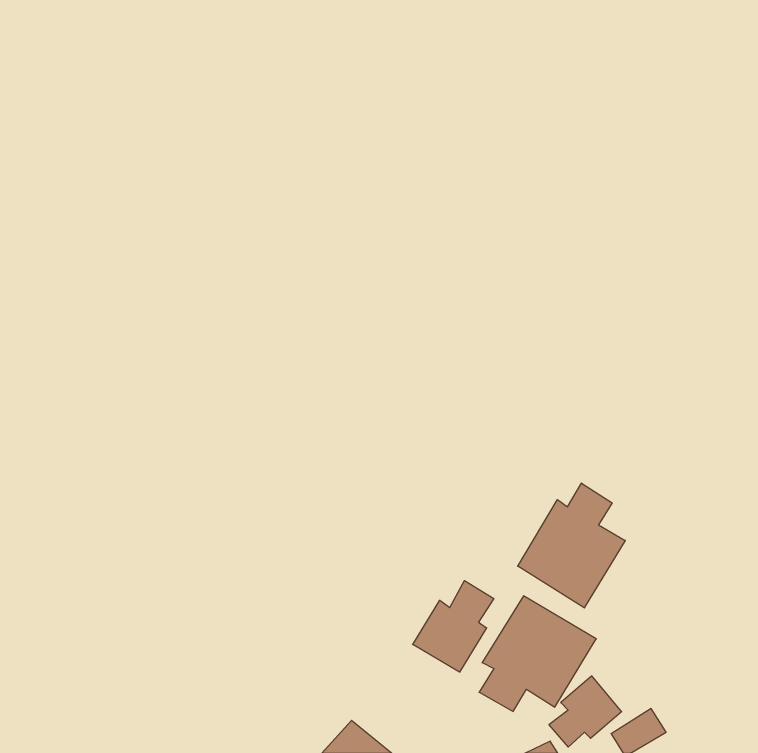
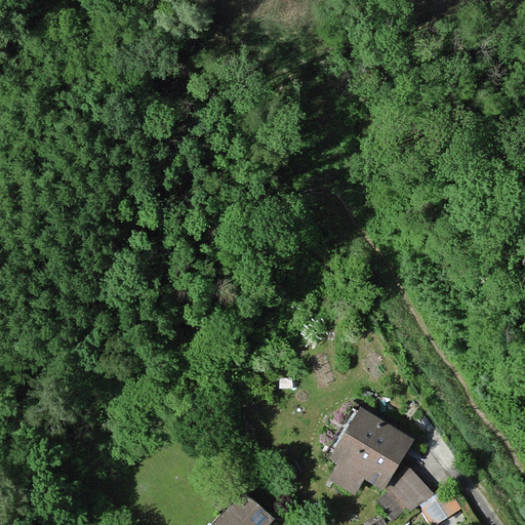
building: [518,483,625,608] -> none
building: [413,581,494,672] -> none

